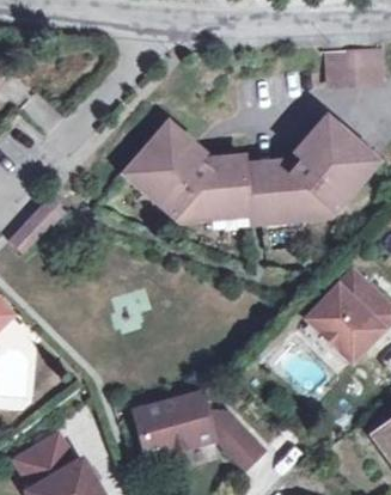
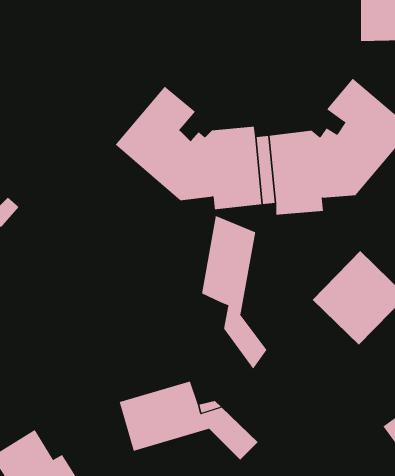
building: none -> [202,215,267,369]

